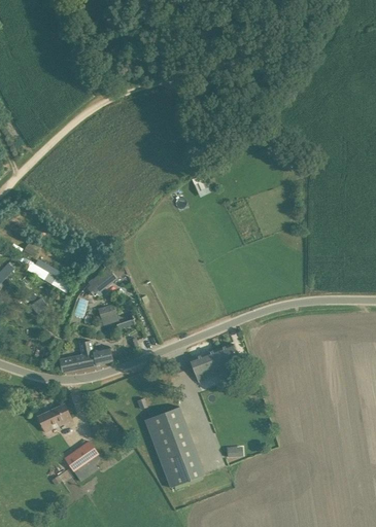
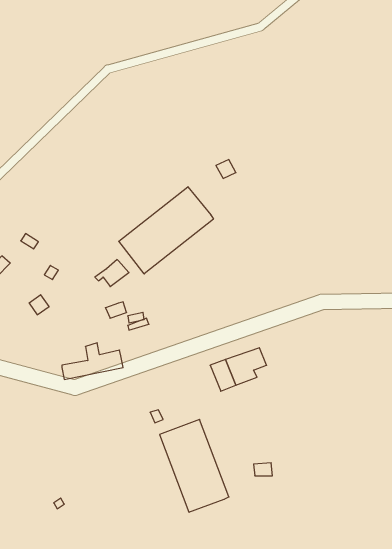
building: none -> [119,187,213,274]
building: [36,403,71,432] -> none
building: [64,446,98,481] -> none

